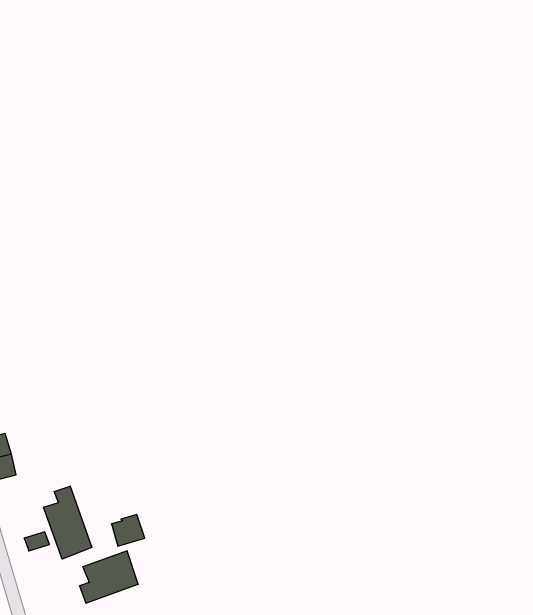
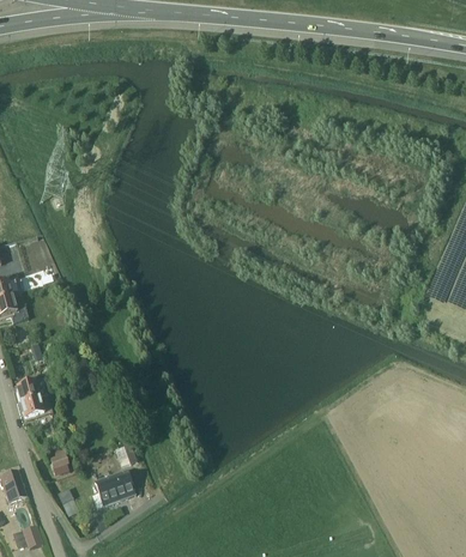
building: [44,486,92,559] -> none

